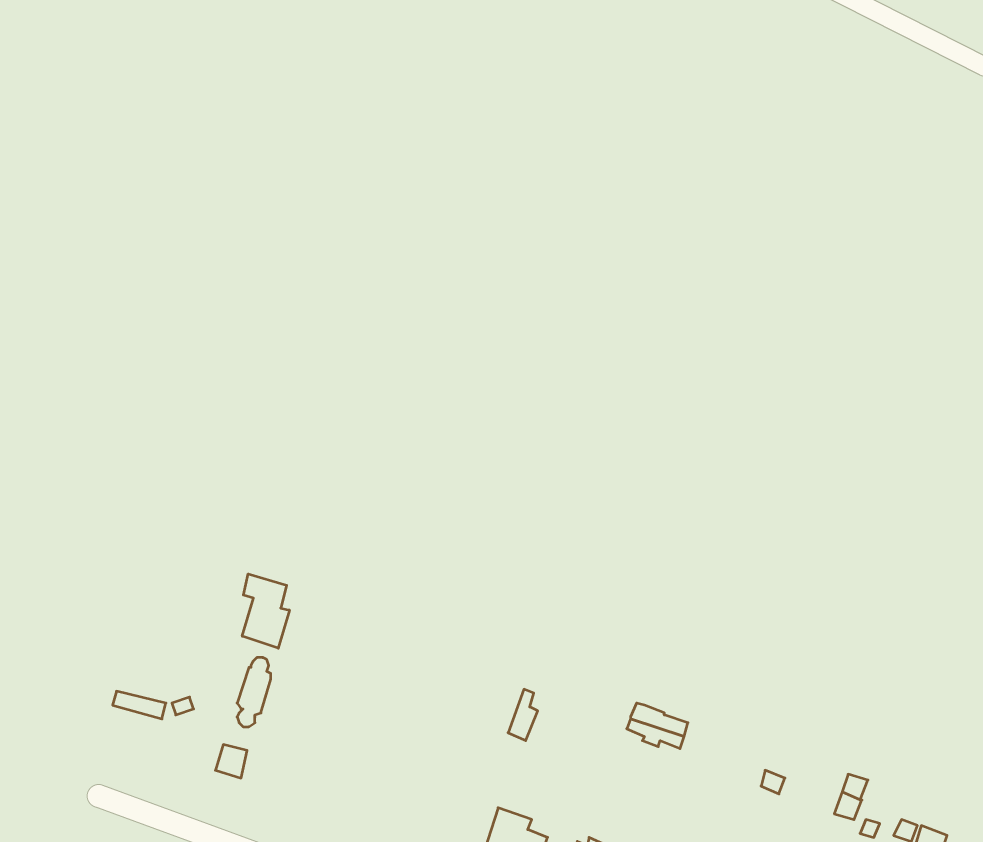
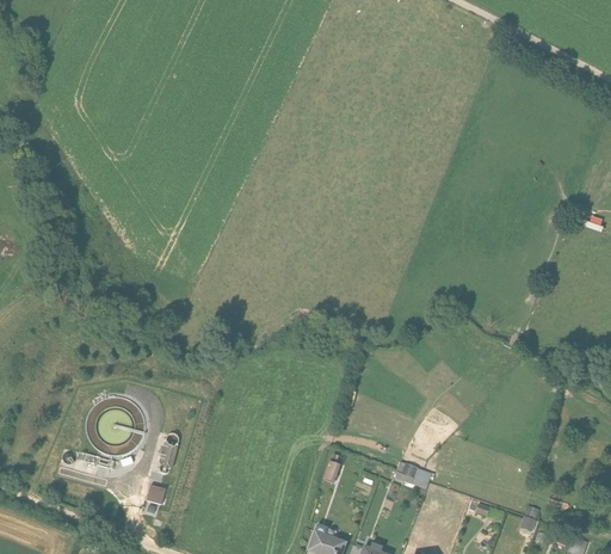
building: [242,574,289,648] -> none

